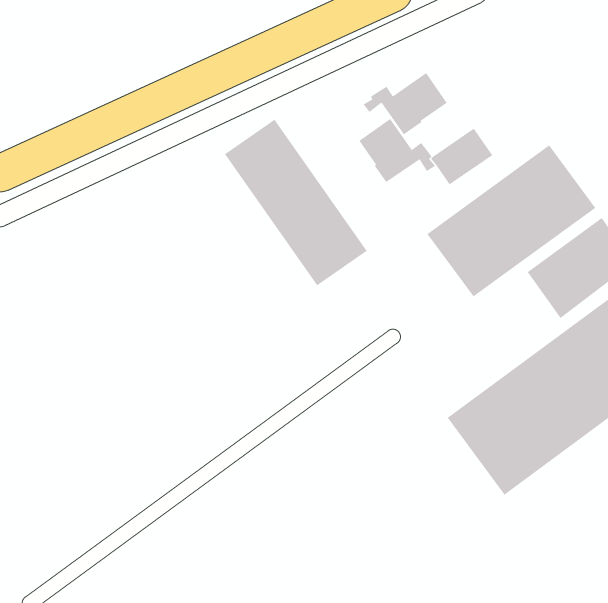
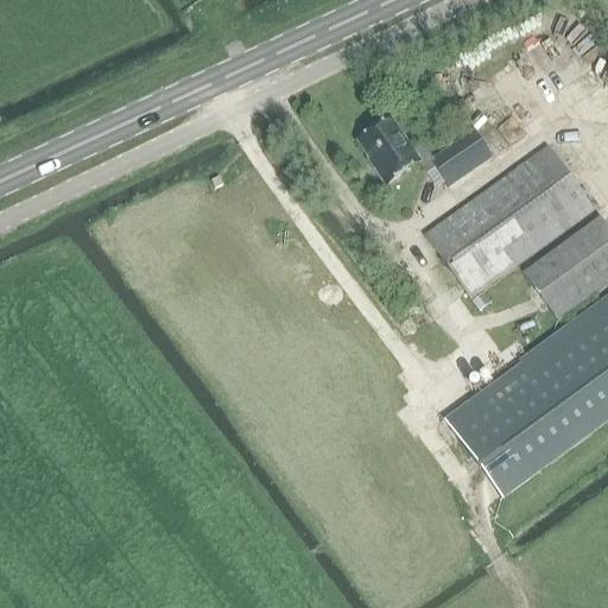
building: [363,72,448,135] -> none
building: [224,119,367,286] -> none

